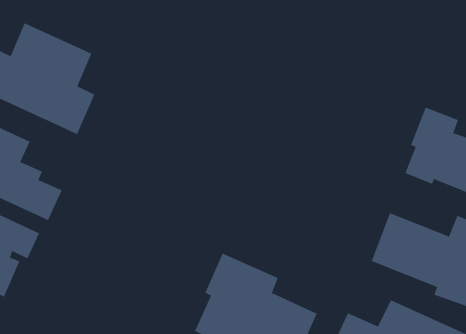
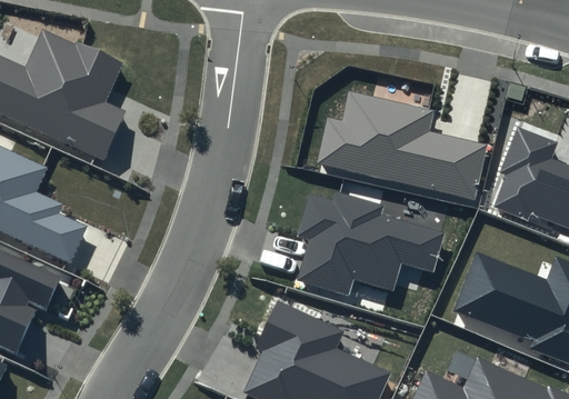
building: none -> [317,92,487,200]
building: none -> [297,191,446,297]

